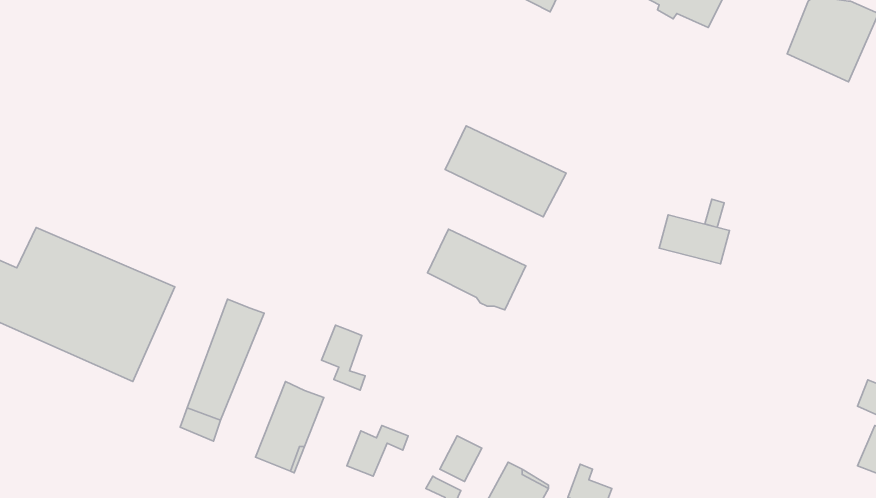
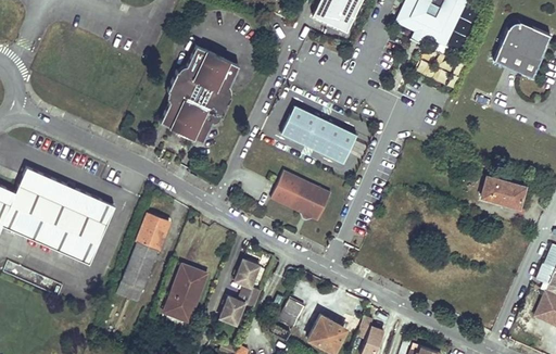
building: none -> [161,46,239,142]
building: [659,215,729,264] -> [481,176,525,206]
building: [321,325,365,390] -> [235,257,262,298]

